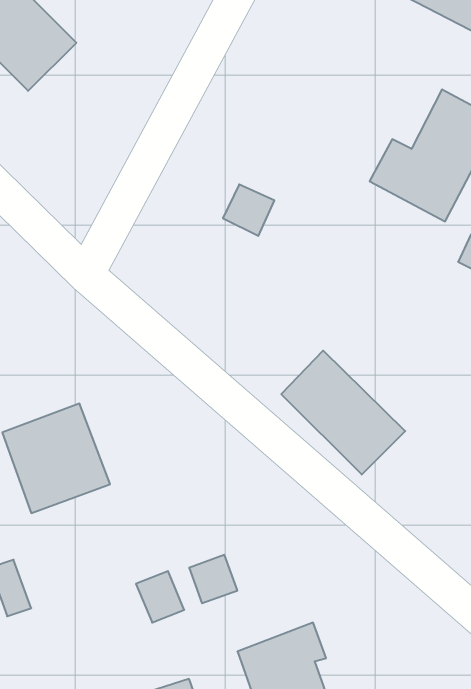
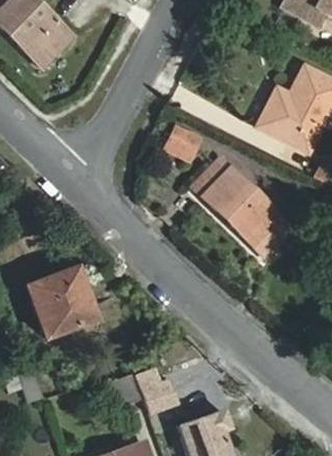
building: [281,351,405,475] -> [204,168,283,248]

